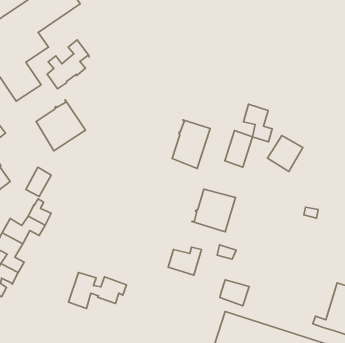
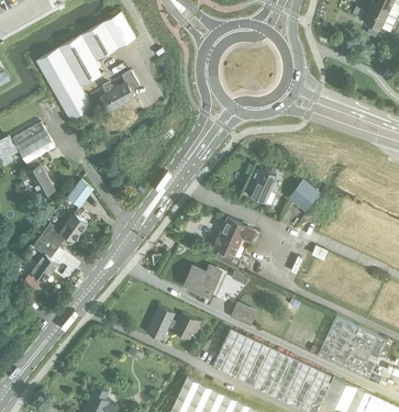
building: [36,100,85,151] -> none
building: [243,104,272,142] -> none
building: [172,120,210,168] -> none
building: [69,273,127,308] -> [146,307,200,339]

